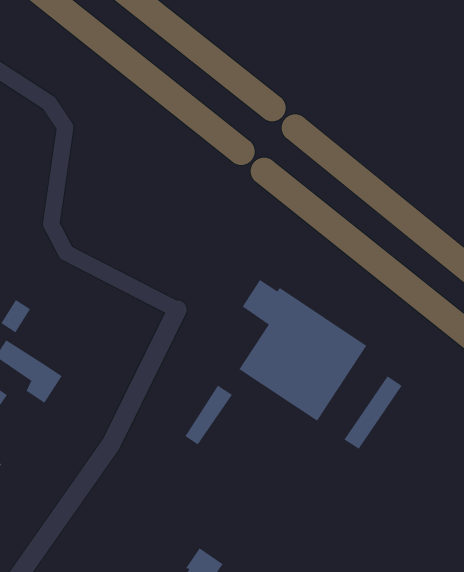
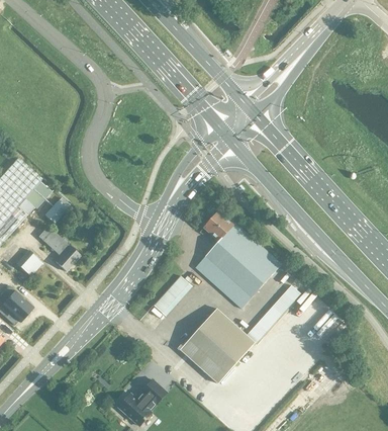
building: none -> [180,308,255,383]

